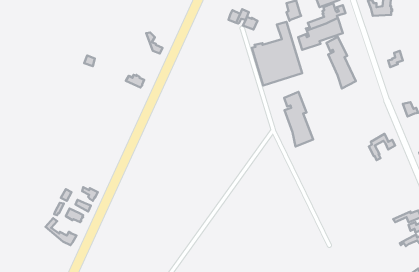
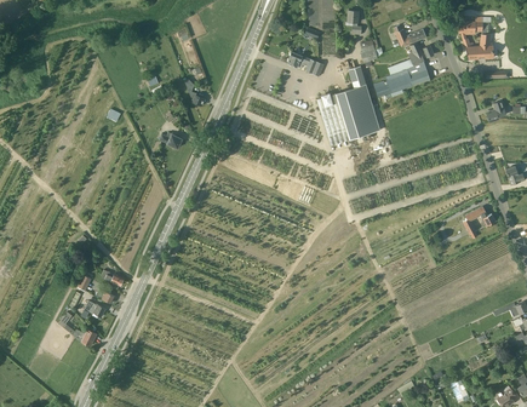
building: [326,37,356,89] -> none
building: [284,92,313,147] -> none

